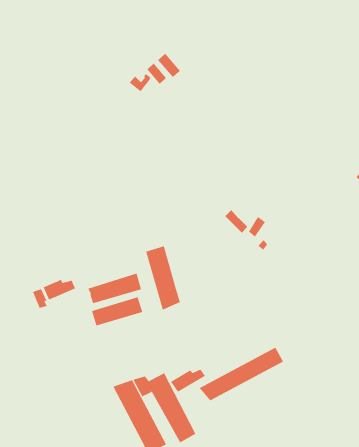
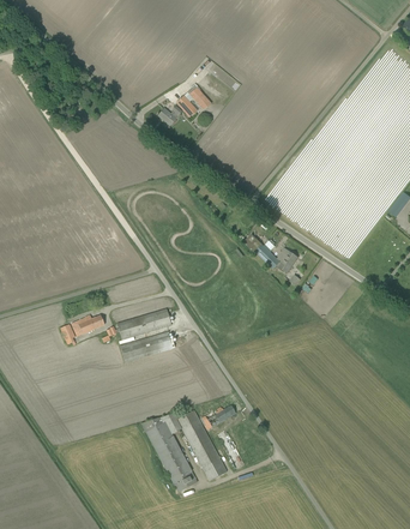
building: [145,245,180,310] -> none
building: [199,347,284,401] -> none

